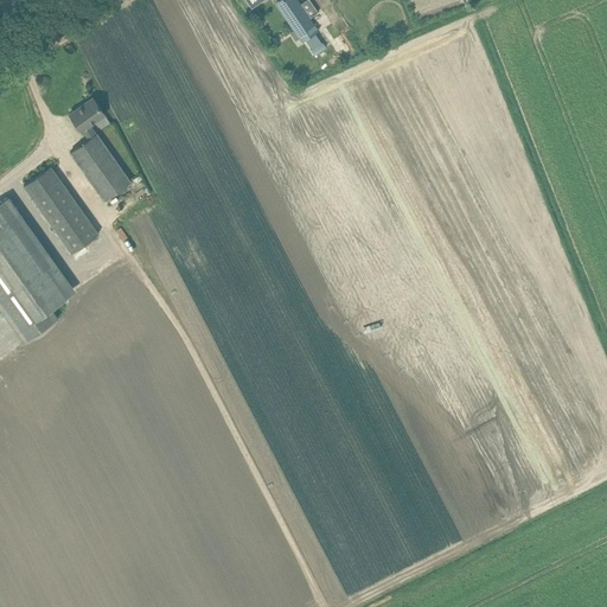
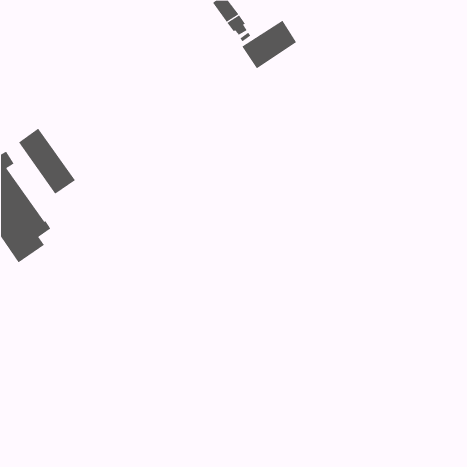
building: none -> [241,20,297,69]
building: [69,97,130,199] -> none

